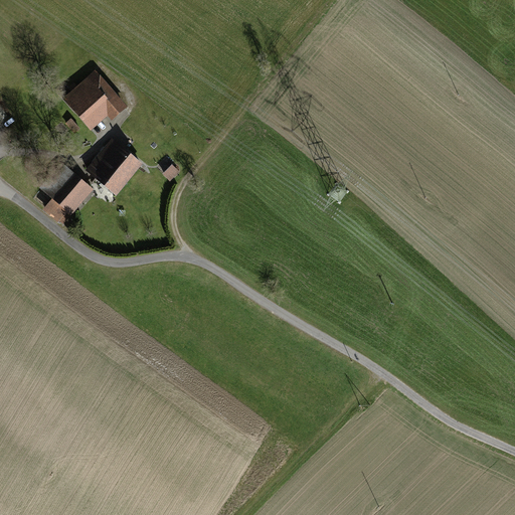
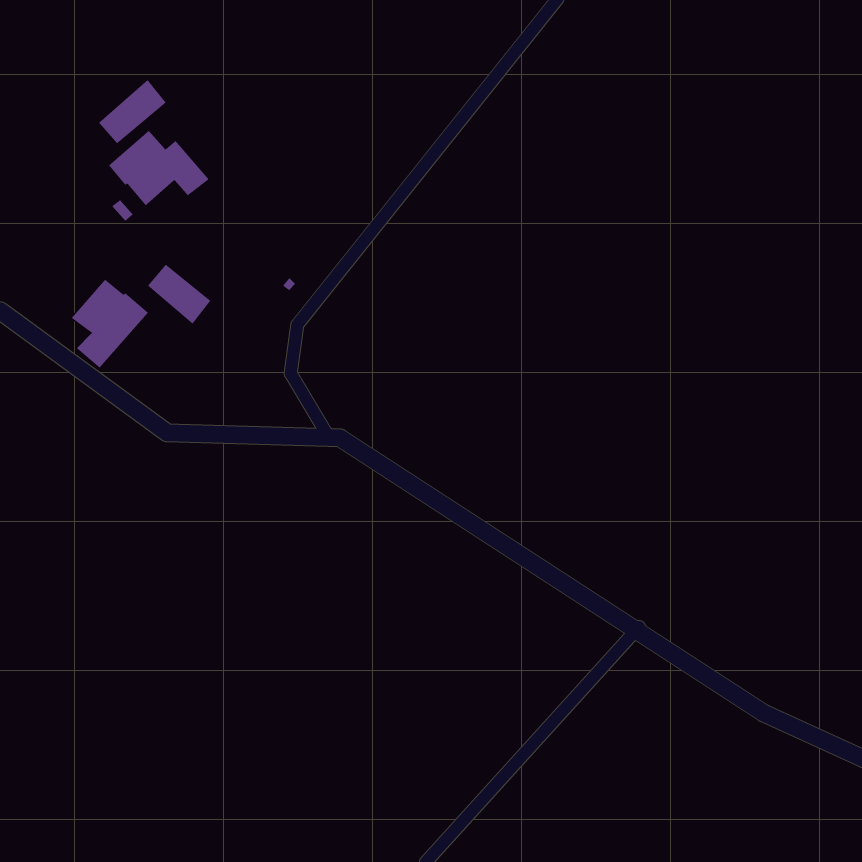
building: none -> [98,79,166,144]
building: [100,140,141,179] -> none

